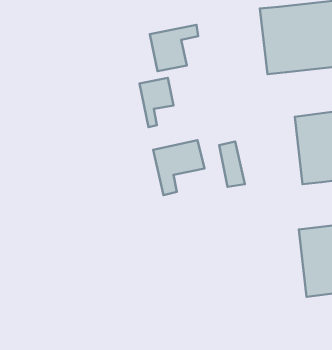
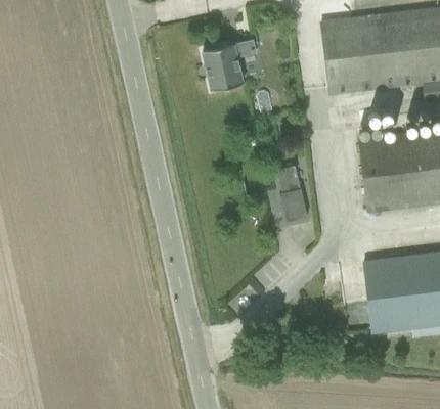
building: [139,78,174,127] -> none
building: [153,140,204,195] -> none

